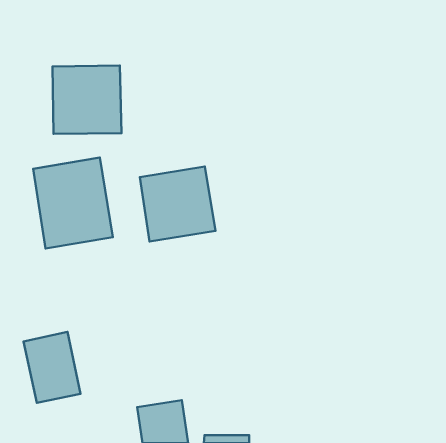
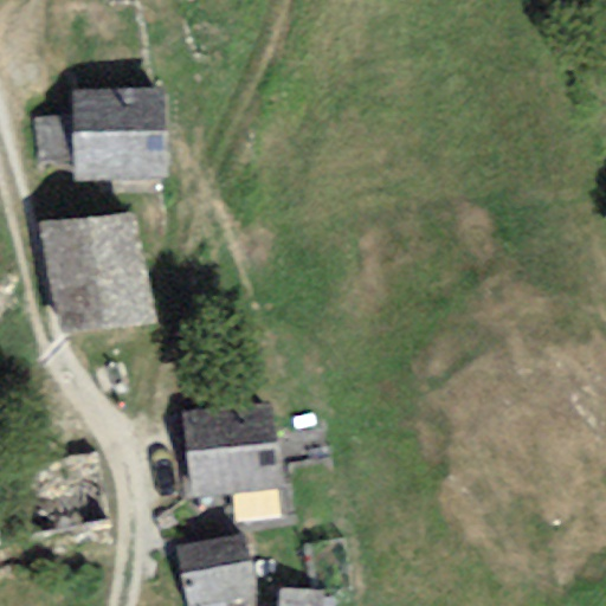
building: [140,167,215,242] -> none
building: none -> [182,394,278,499]

